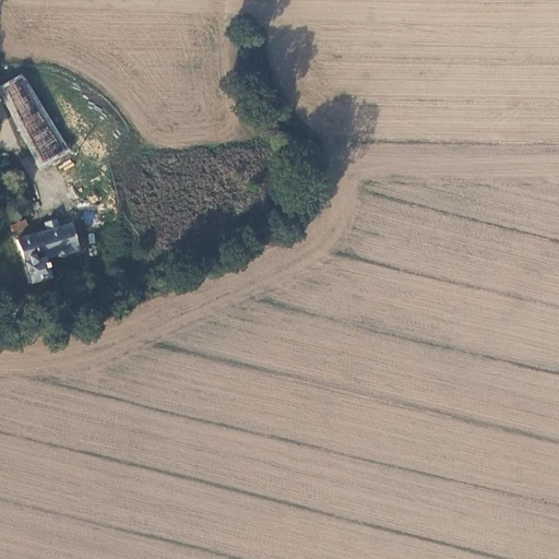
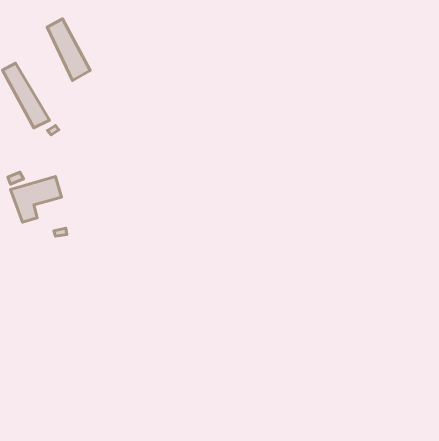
building: none -> [47,19,90,81]

